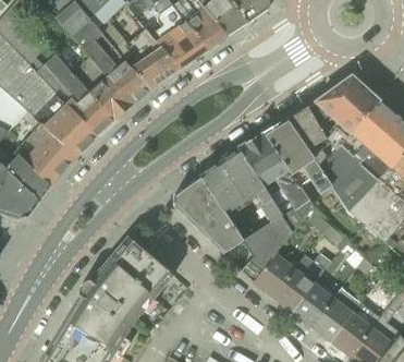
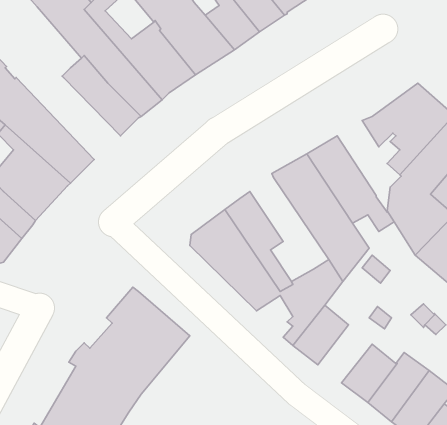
building: [36,55,118,136] -> none
building: [287,106,326,165] -> none
building: [219,150,281,222] -> none
building: [272,257,322,312] -> none

